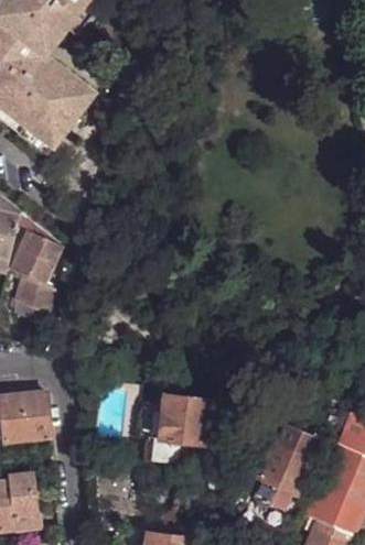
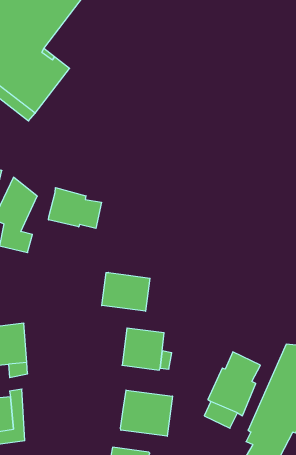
building: none -> [49,188,101,228]
building: none -> [102,272,150,311]
building: none -> [120,390,172,436]

